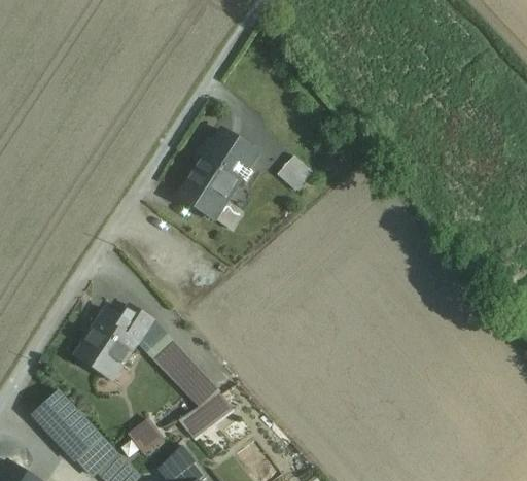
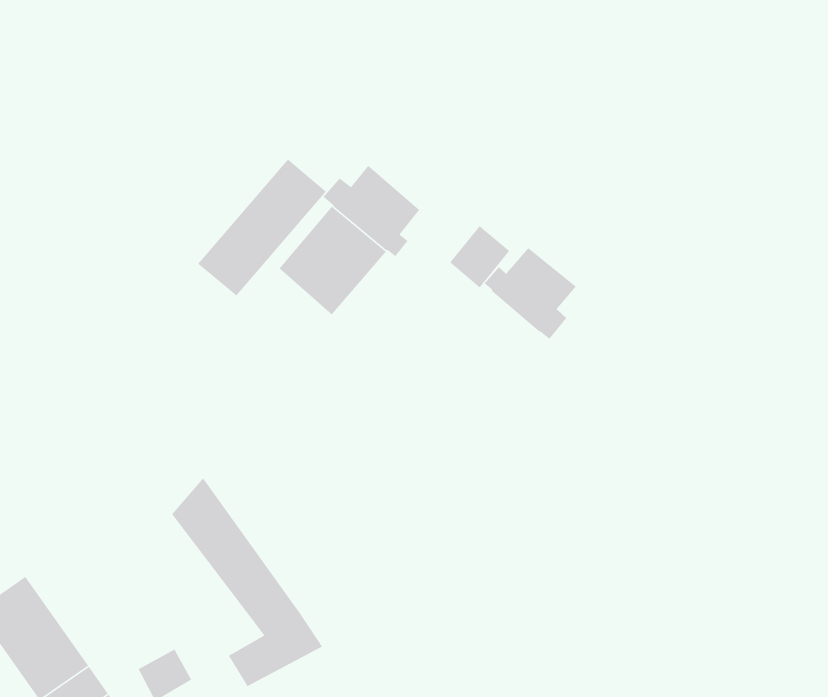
building: none -> [197,159,327,297]
building: none -> [484,247,577,340]
building: [76,306,152,377] -> none

